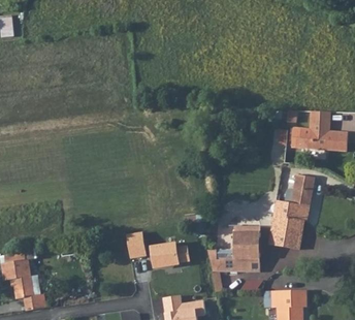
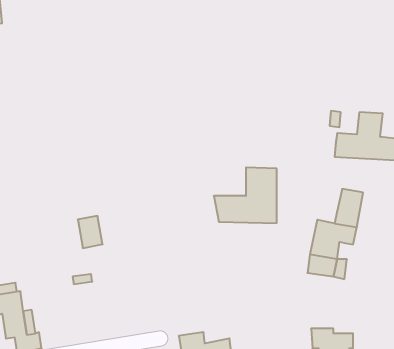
building: [206,225,259,271] -> [214,167,277,223]
building: [125,231,146,258] -> [78,216,103,248]
building: [149,242,188,268] -> none

